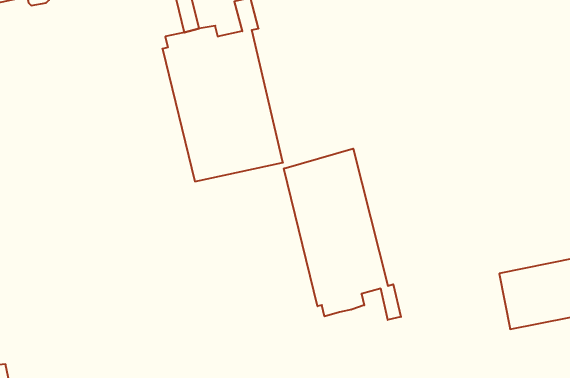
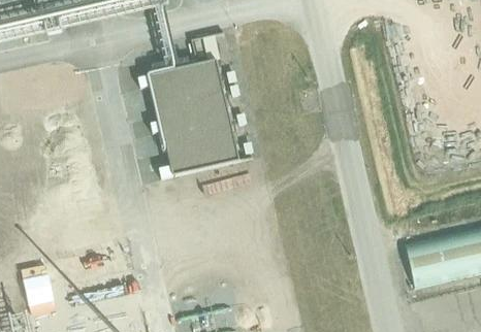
building: [284,149,401,320] -> none

